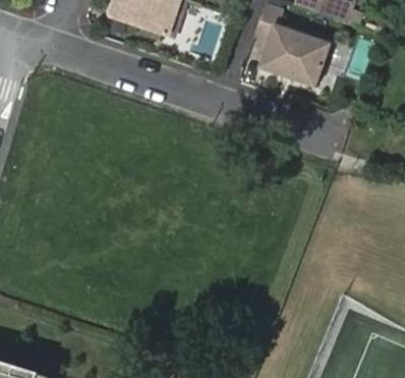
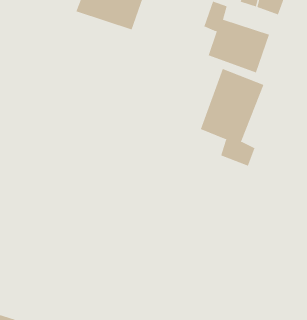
building: none -> [200,68,264,167]

